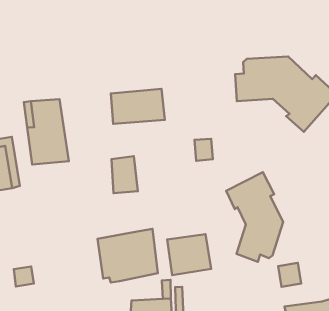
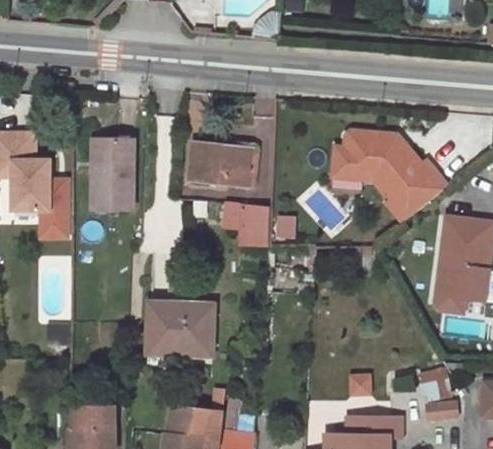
building: [111,156,138,193] -> [237,205,267,246]
building: [226,172,283,262] -> none
building: [167,234,211,275] -> none

